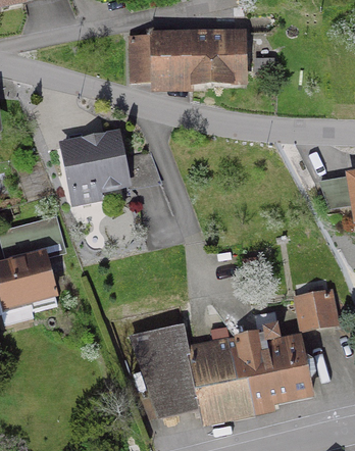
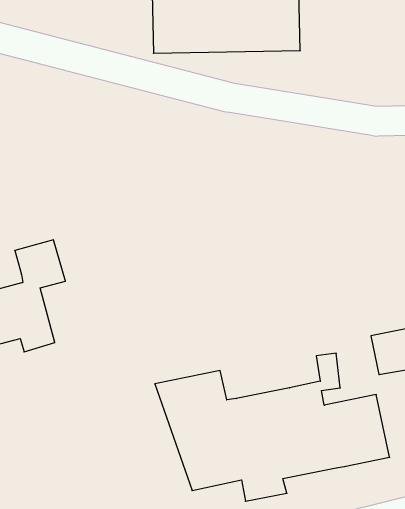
building: [64,133,126,201] -> none

